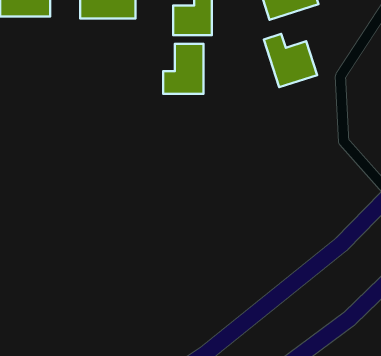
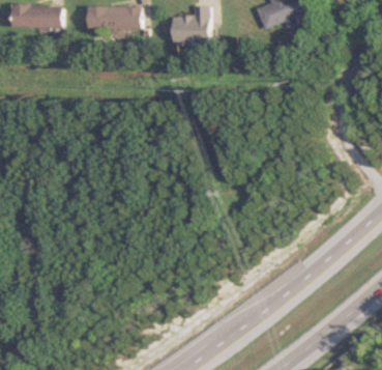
building: [264,34,317,87] -> none
building: [163,44,204,94] -> none

